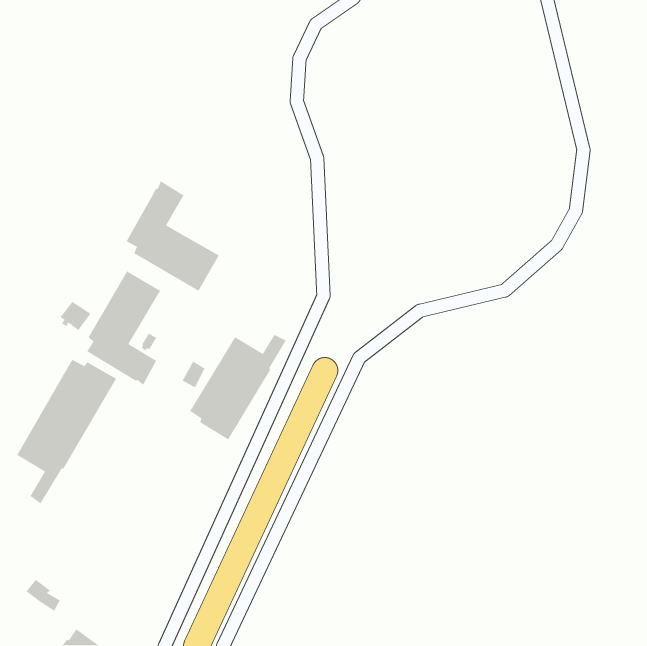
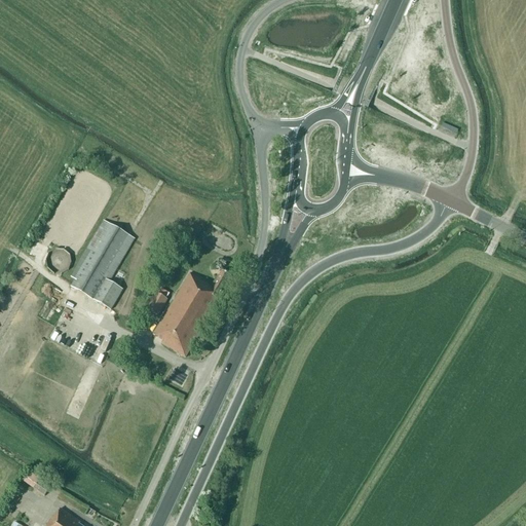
building: [126,180,220,292] -> none
building: [16,359,117,505] -> none

